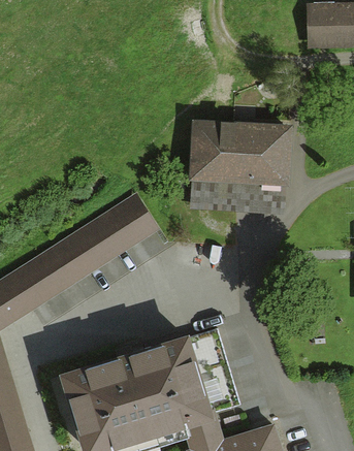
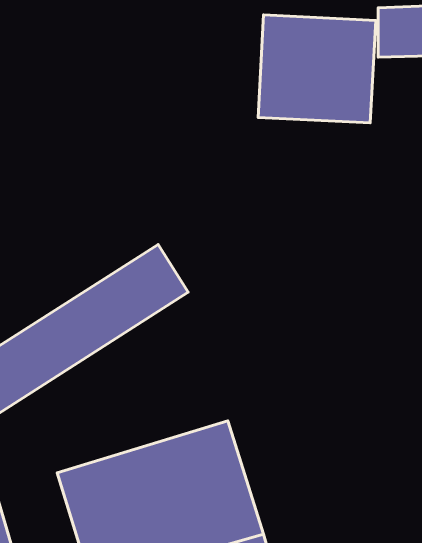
building: [193,130,282,212] -> [258,15,376,123]

